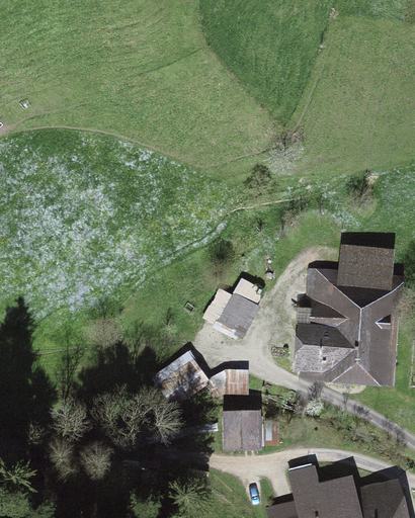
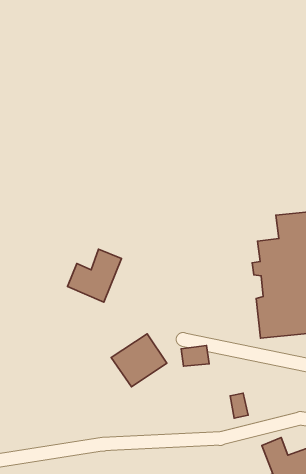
building: [210,280,266,333] -> [68,249,122,302]
building: [230,415,257,446] -> none

